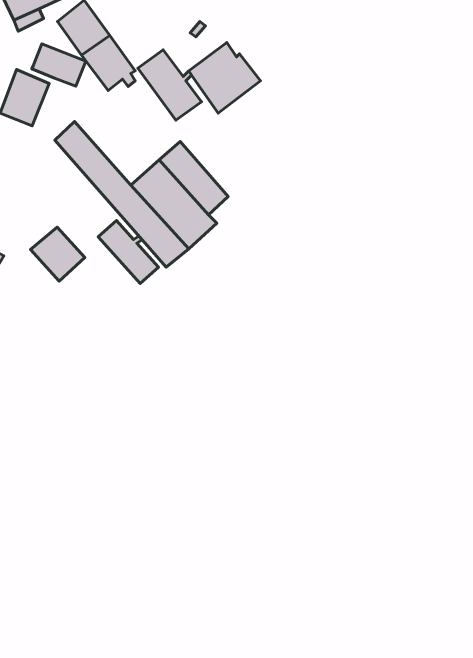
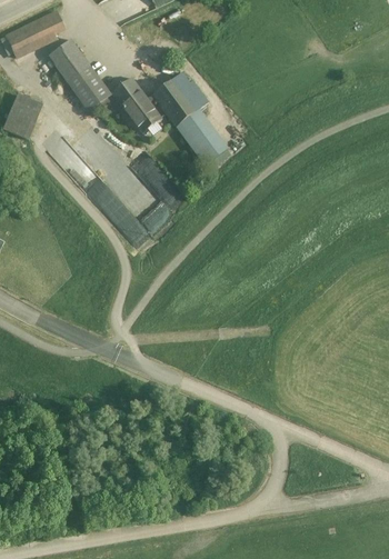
building: [32,44,86,86] -> none
building: none -> [180,109,226,161]
building: [98,220,158,284] -> none
building: [30,227,85,281] -> none

